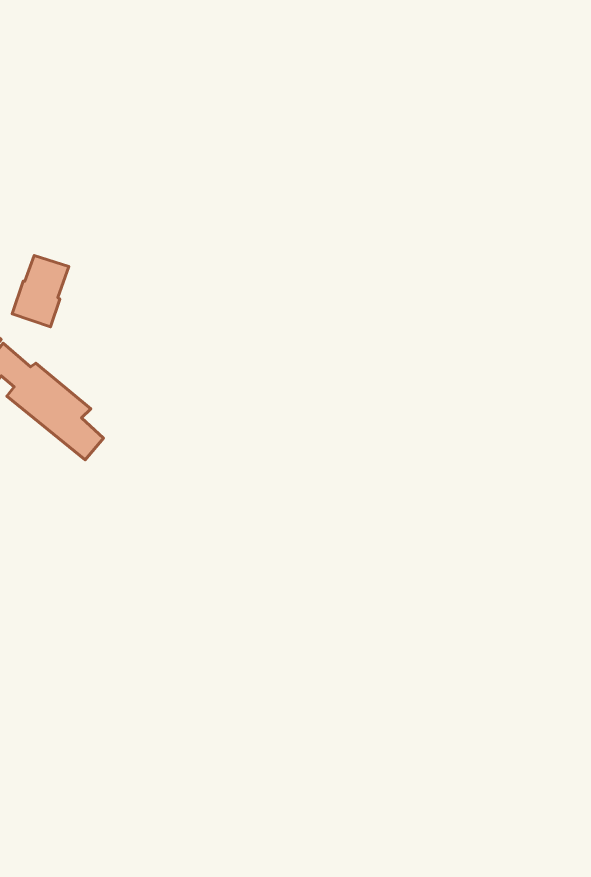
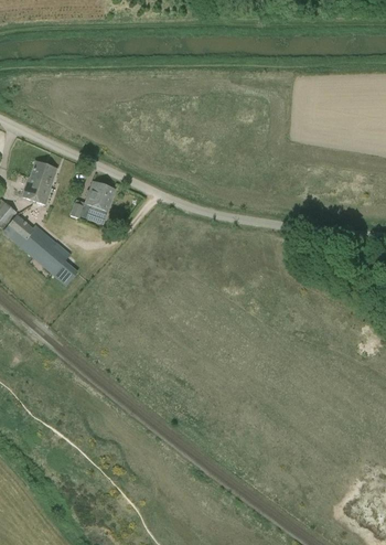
building: none -> [71,181,115,220]

